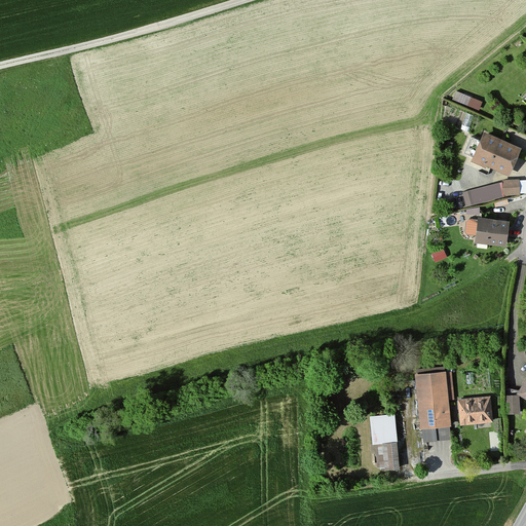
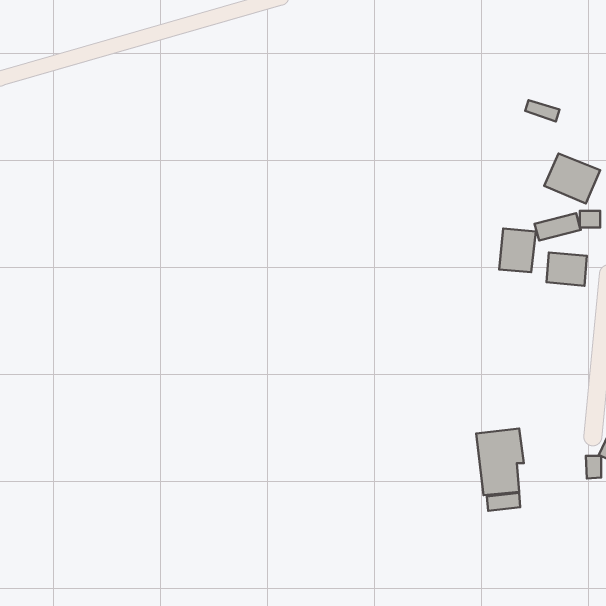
building: none -> [499,229,536,272]
building: [458,396,492,424] -> none
building: [372,414,399,469] -> none

